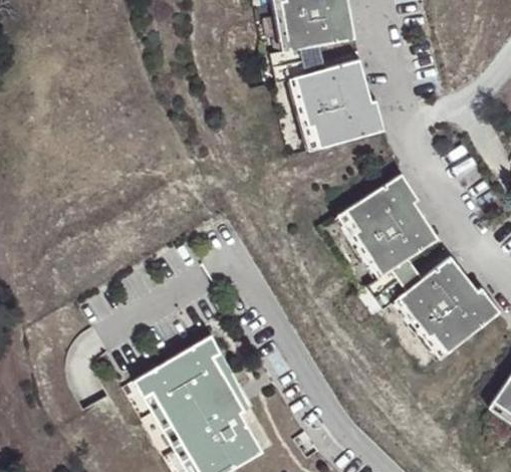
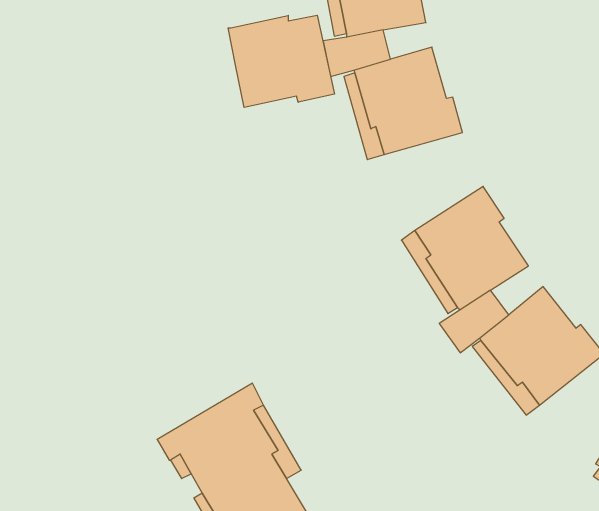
building: none -> [228,15,334,107]

